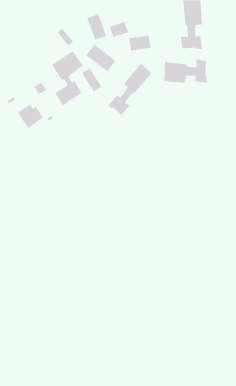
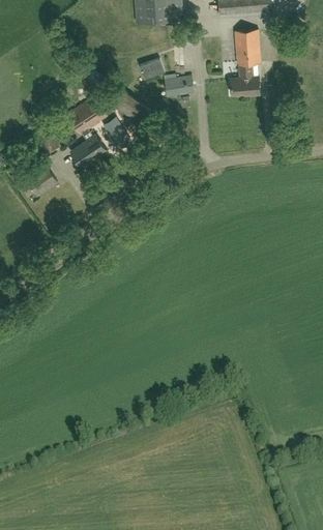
building: [87,13,107,40] -> none
building: [164,59,207,84] -> none
building: [107,63,153,115] -> none

